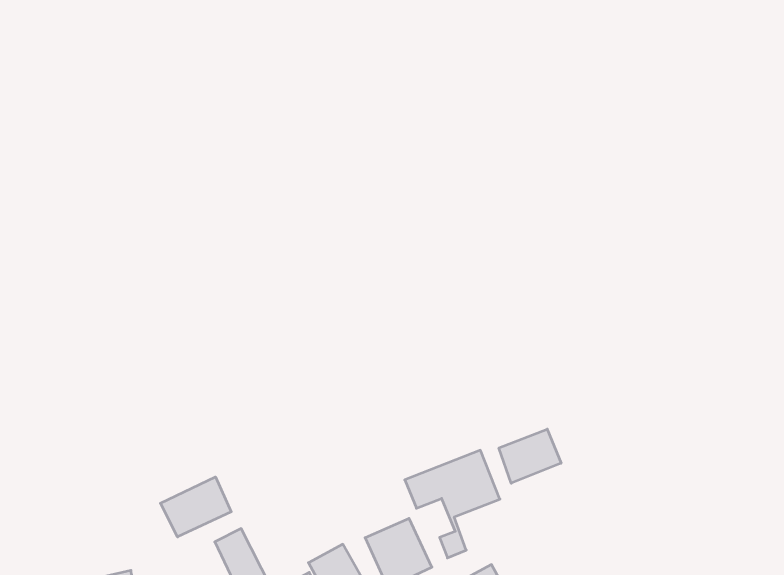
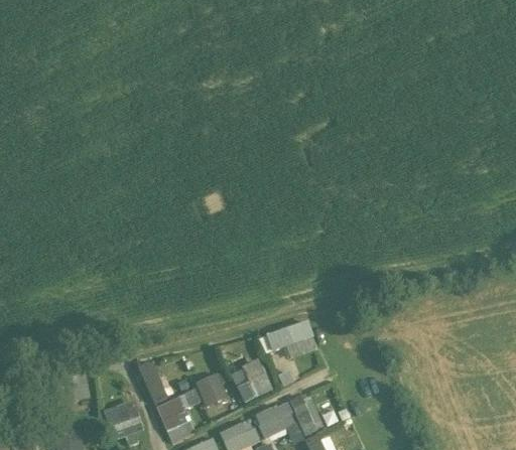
building: [499,429,561,483] -> none
building: [160,477,231,537] -> none

